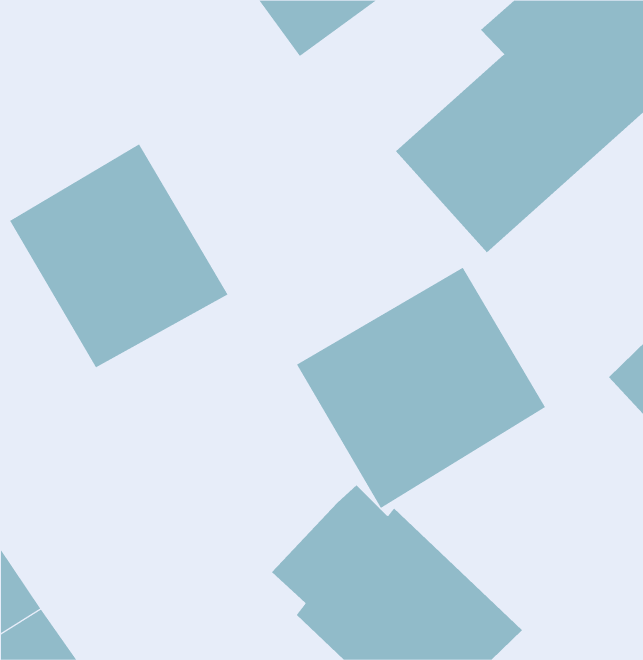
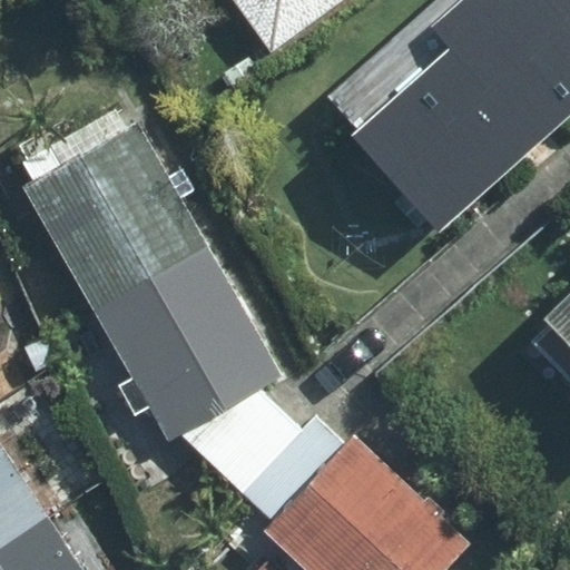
building: [296,267,546,509] -> none
building: none -> [97,254,305,493]

